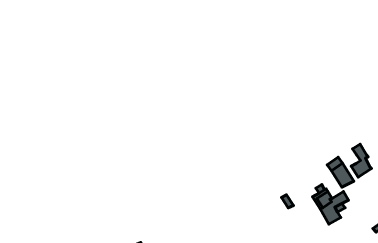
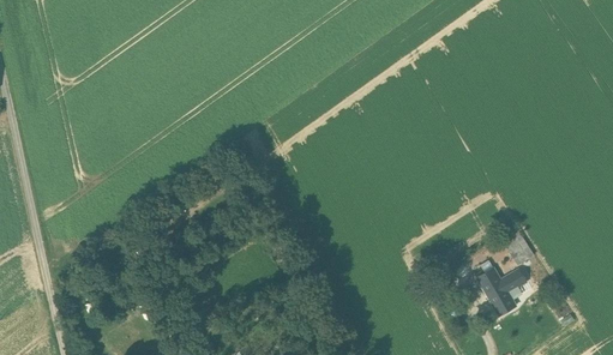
building: [351,144,372,177] -> none

